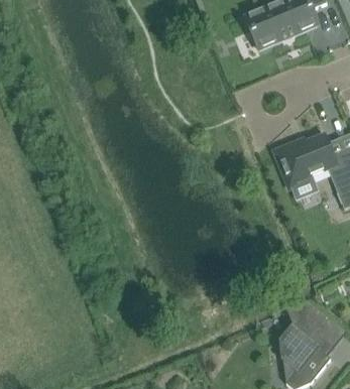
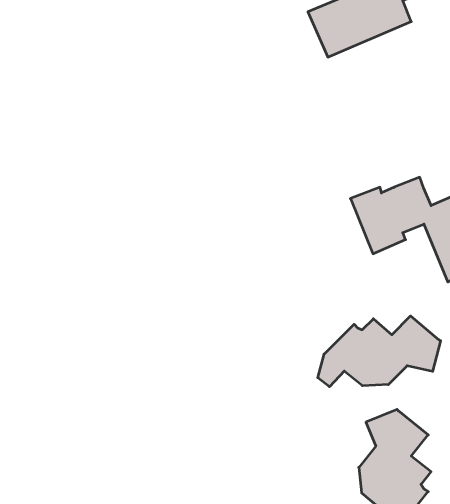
building: none -> [318,316,441,387]

